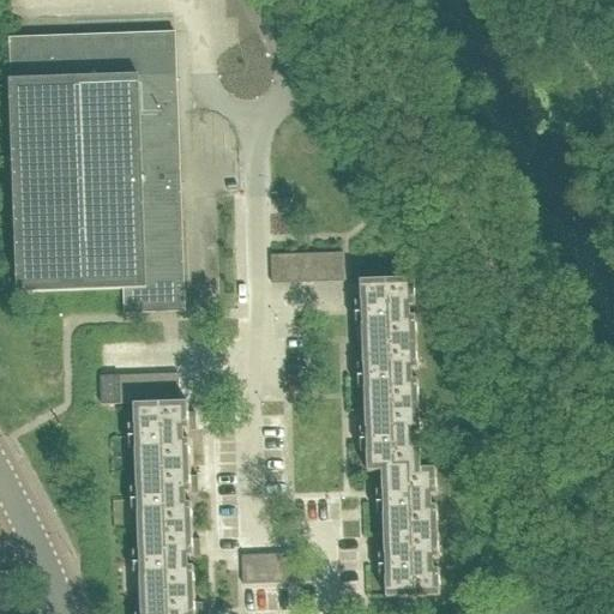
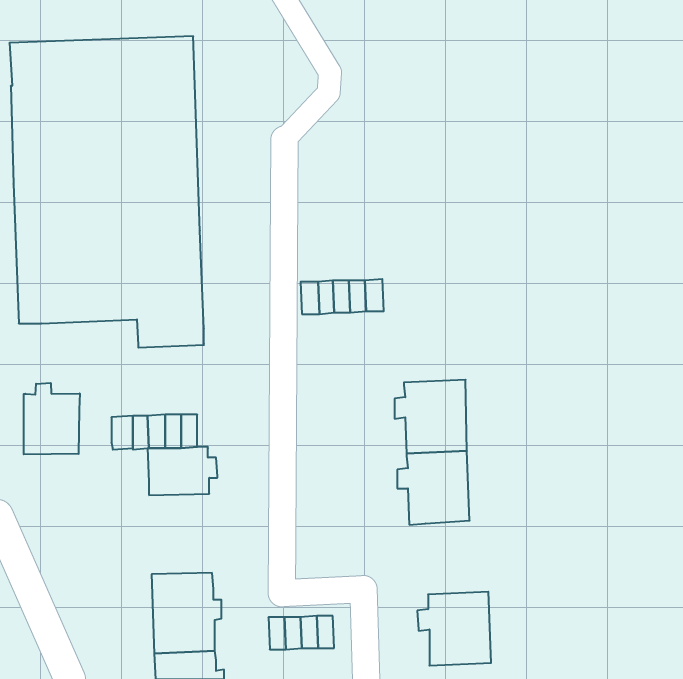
building: [350,276,416,342] -> none
building: none -> [24,383,80,454]
building: [133,441,197,513] -> none
building: [371,465,437,531] -> none

